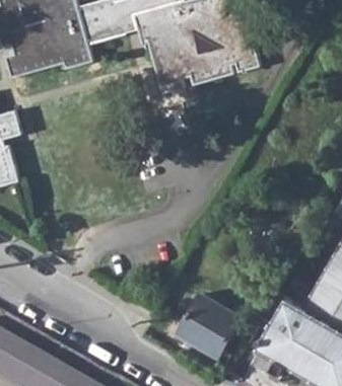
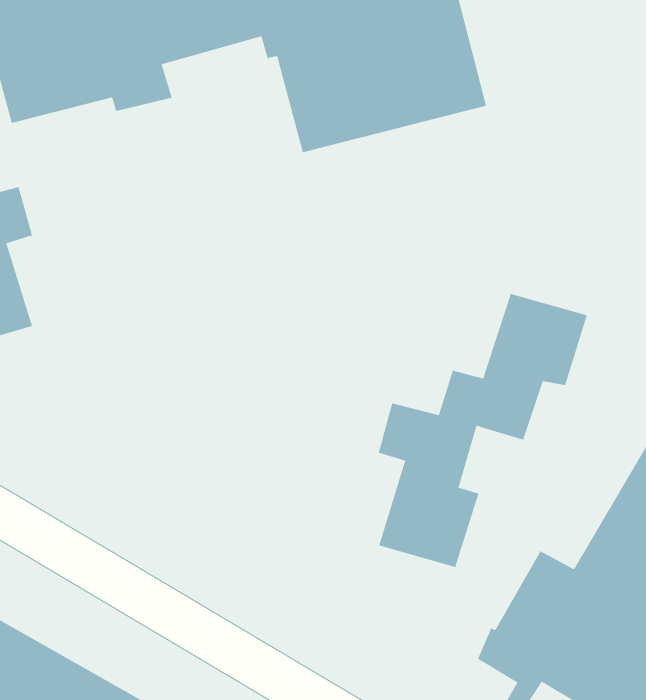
building: none -> [378,293,587,568]
building: [177,296,236,356] -> none

